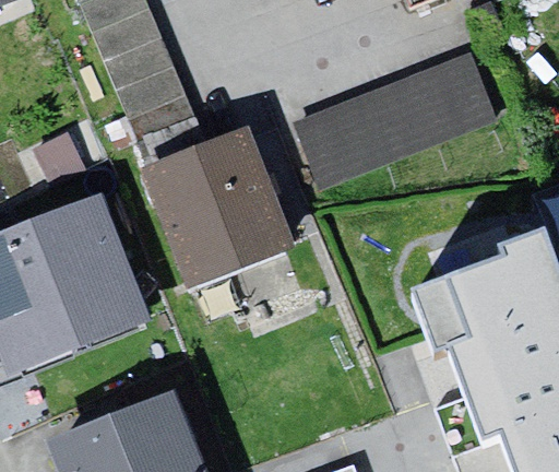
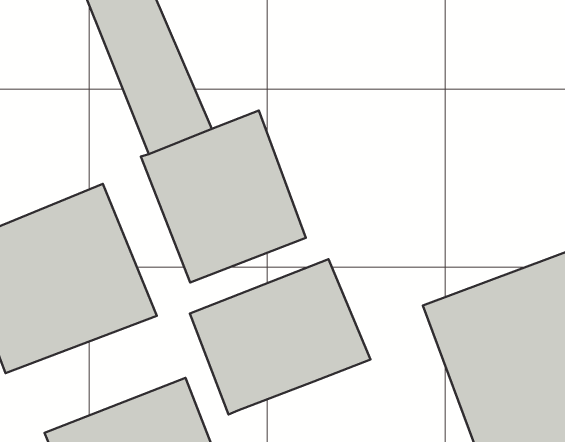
building: [286,45,501,189] -> none
building: none -> [190,259,370,415]

